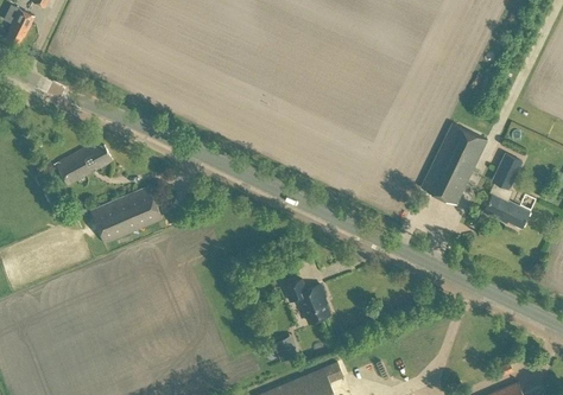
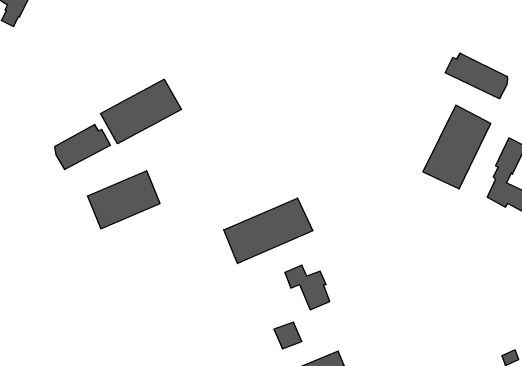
building: none -> [445,53,508,99]
building: none -> [100,79,181,144]
building: none -> [224,198,313,264]

